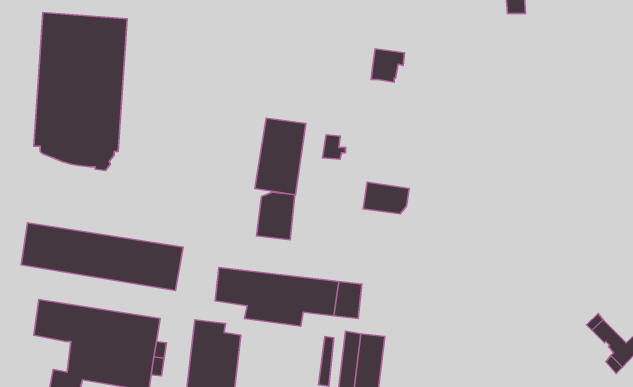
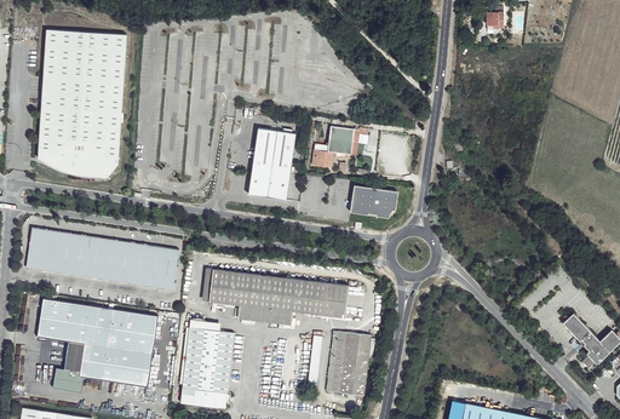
building: [371,49,404,82] -> [327,127,358,159]
building: [257,192,295,240] -> none

